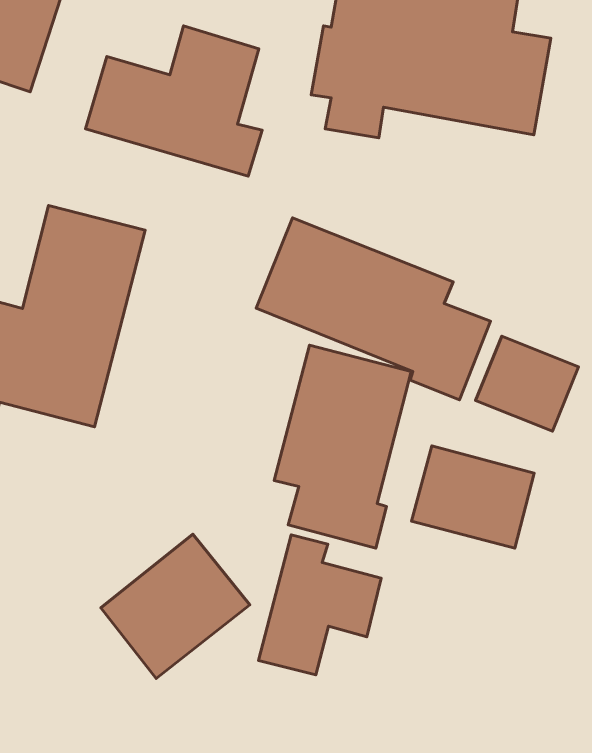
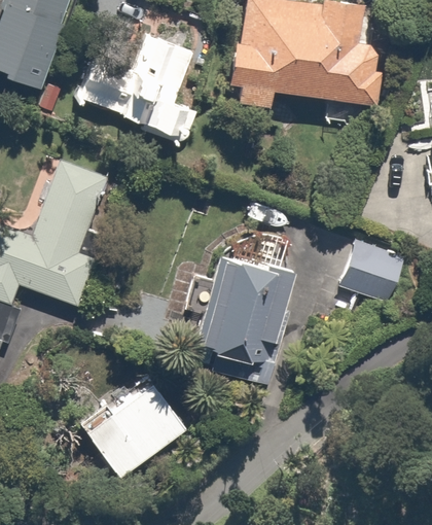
building: [256,218,490,400] -> none
building: [412,446,534,548] -> none
building: [259,535,381,675] -> none

